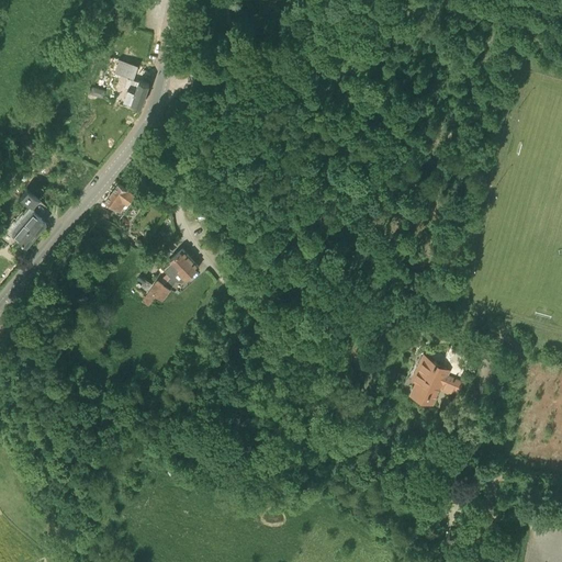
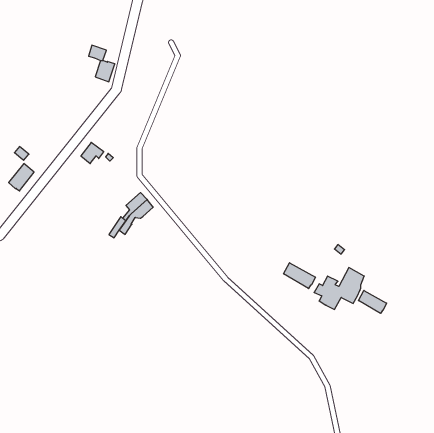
building: none -> [284,263,315,289]
building: none -> [358,290,387,313]

